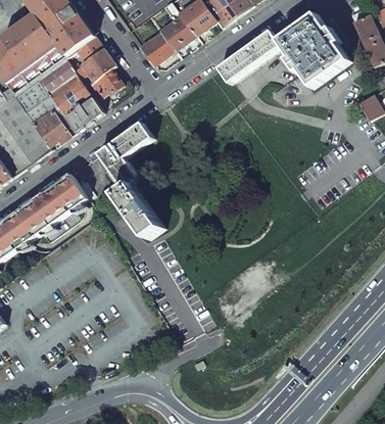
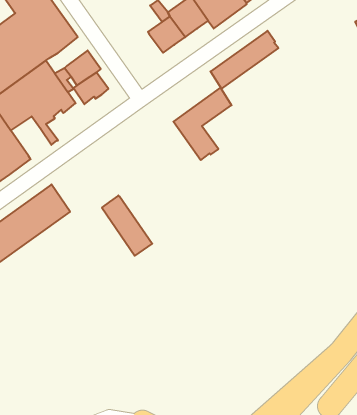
building: [277,12,349,88] -> none
building: [140,33,174,64] -> none
building: [67,36,103,62] -> none
building: [64,97,103,132] -> none
building: [32,109,69,146] -> none
building: [98,122,152,189] -> [173,88,232,160]

